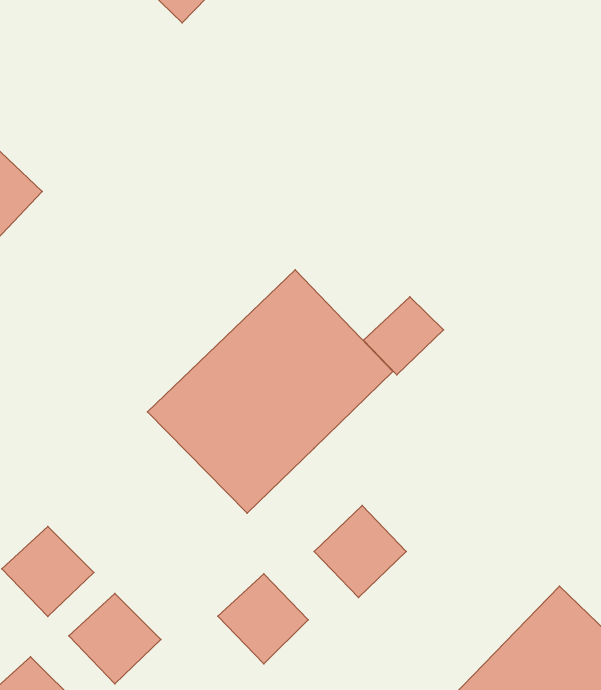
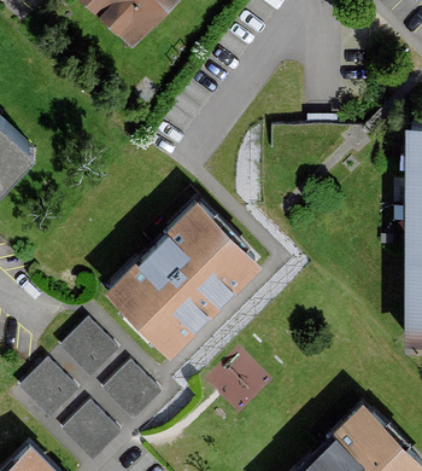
building: [364,297,444,375] -> none
building: none -> [57,324,115,380]
building: [218,574,308,664] -> [99,366,156,423]

